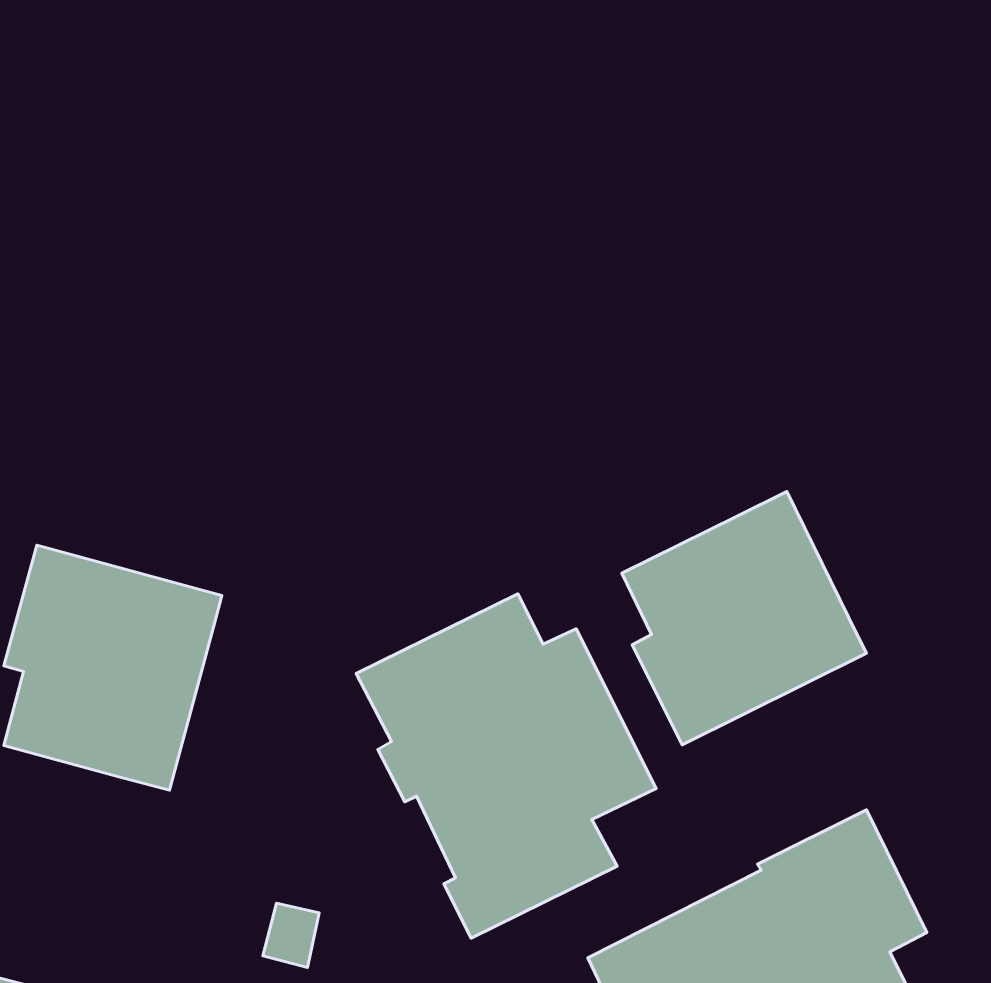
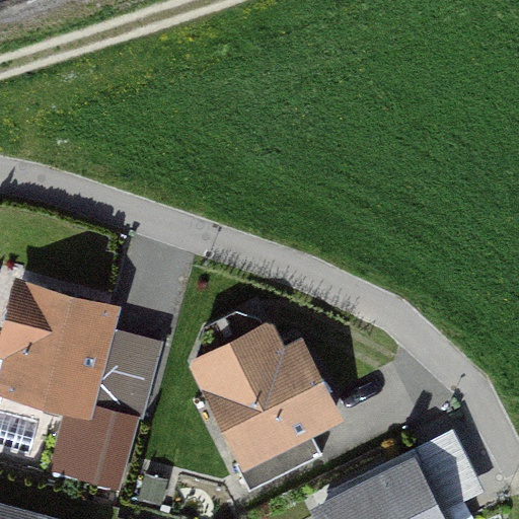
building: [622,492,866,745] -> none
building: none -> [47,327,158,491]

